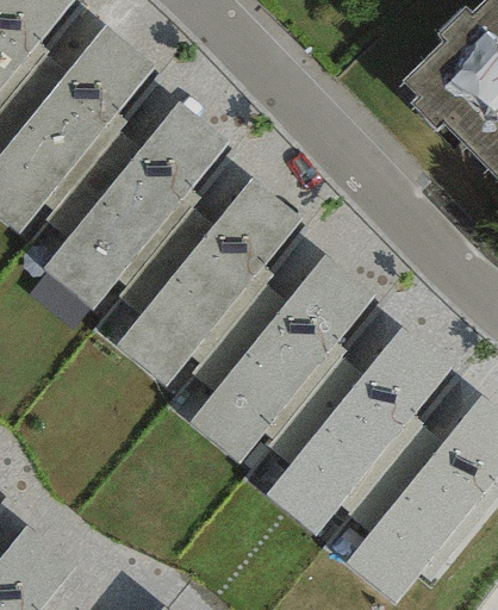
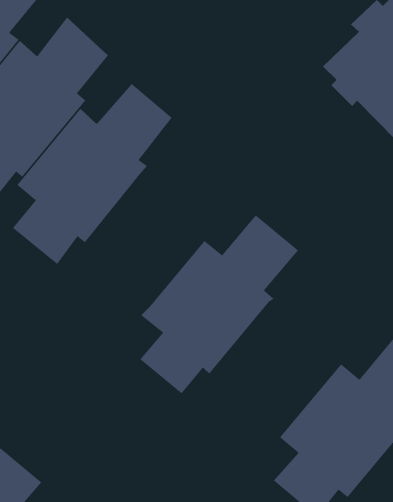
building: [116,178,300,384] -> none
building: [266,324,453,535] -> none

